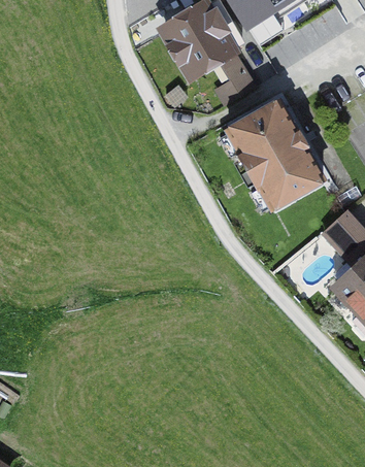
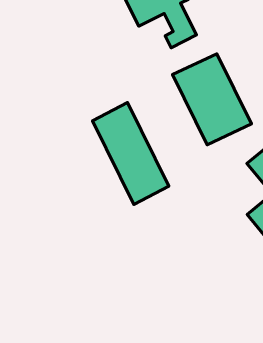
building: none -> [92,103,169,204]

